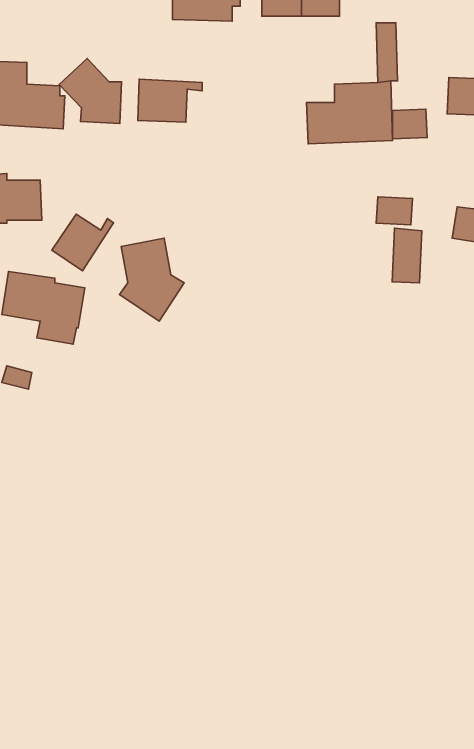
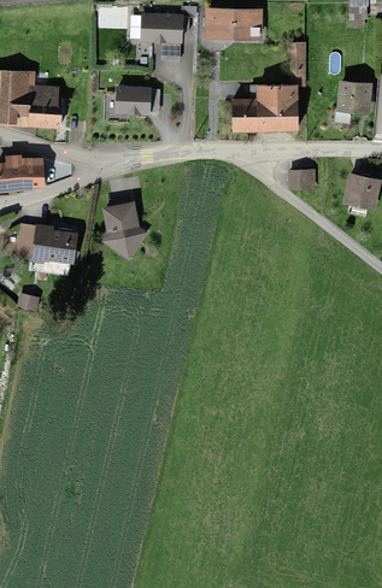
building: [59,58,122,123] -> none
building: [392,109,427,139] -> none
building: [52,214,114,271] -> none
building: [392,228,422,283] -> none

